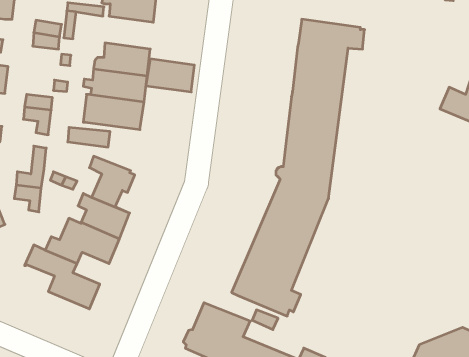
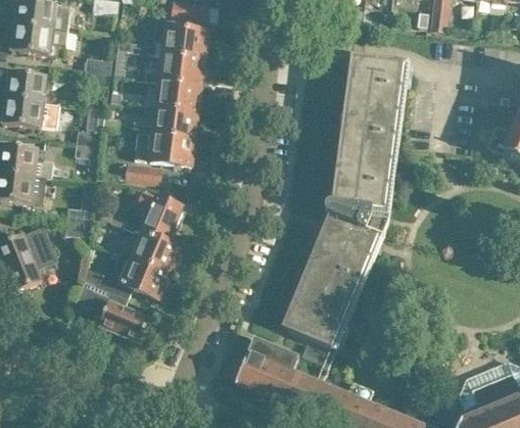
building: [146,59,194,92] -> [155,52,203,85]

